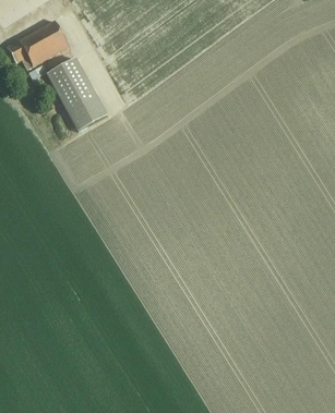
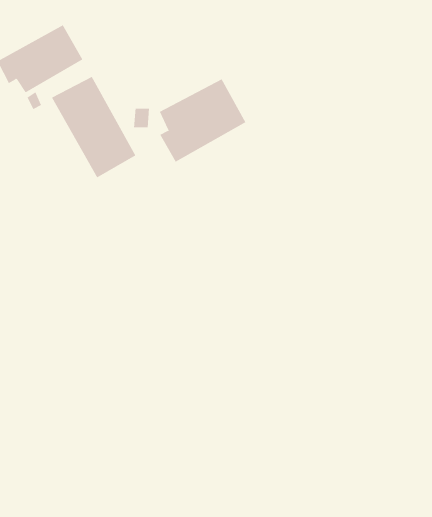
building: none -> [159,79,246,162]

